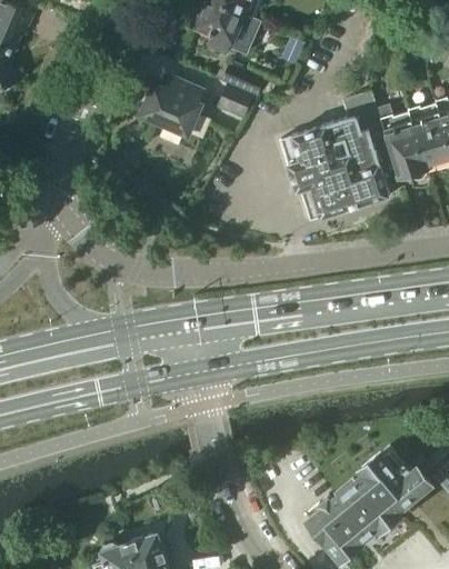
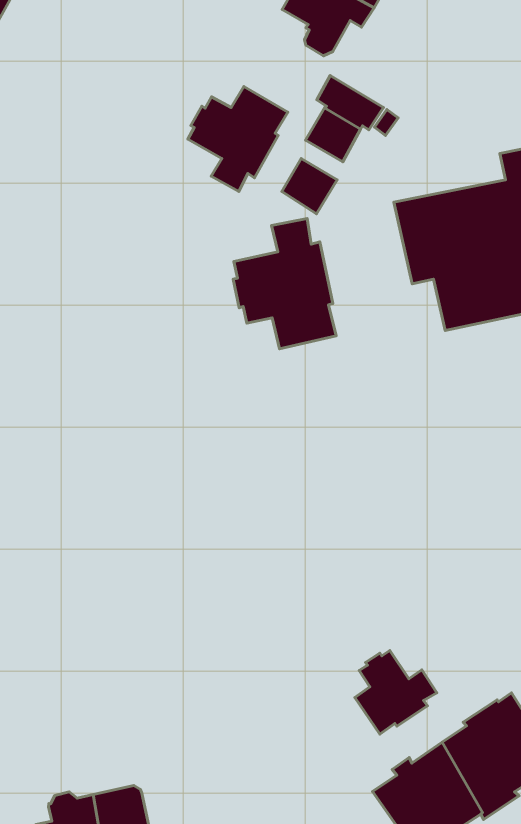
building: none -> [282,159,337,214]
building: none -> [233,219,336,349]
building: none -> [355,650,437,734]

